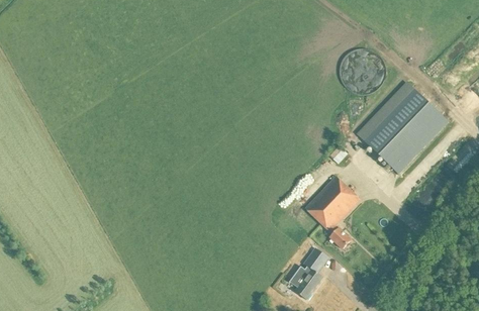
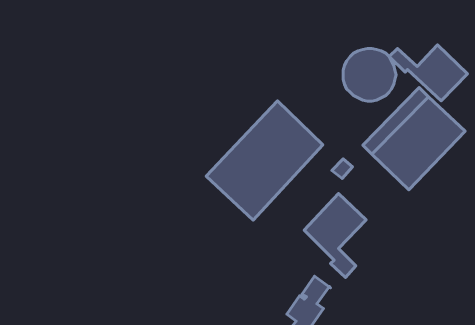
building: none -> [389,45,468,101]
building: none -> [206,101,323,220]

